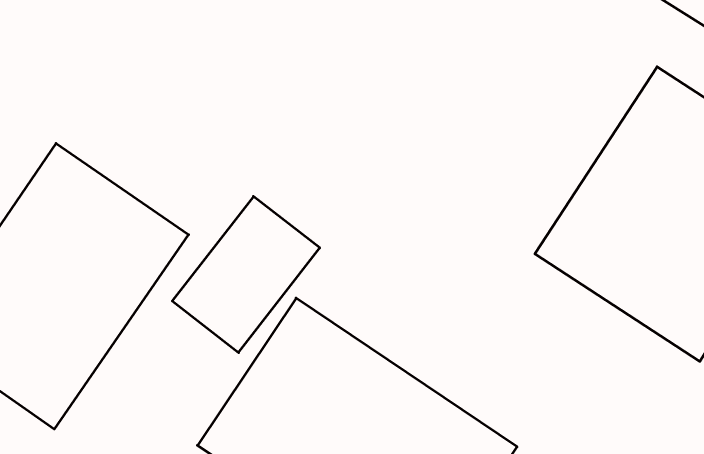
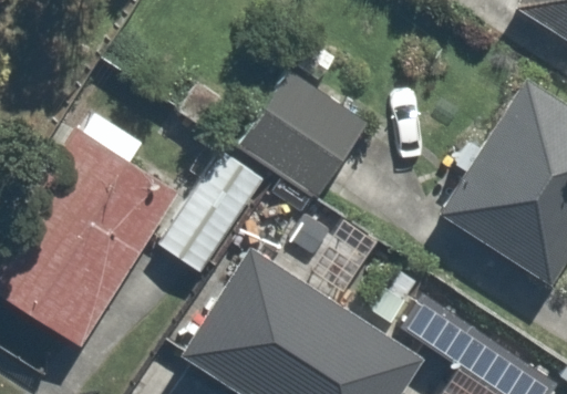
building: none -> [247,74,375,203]

